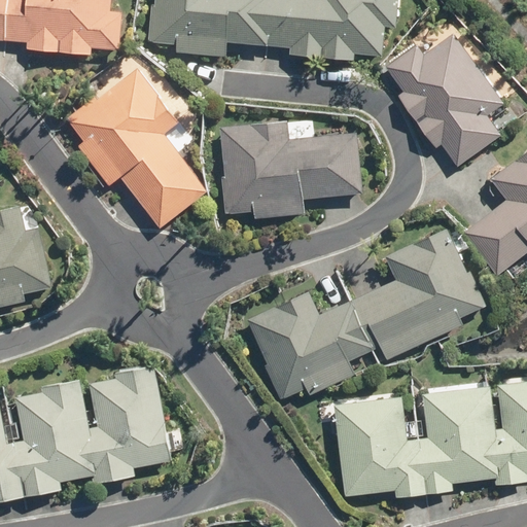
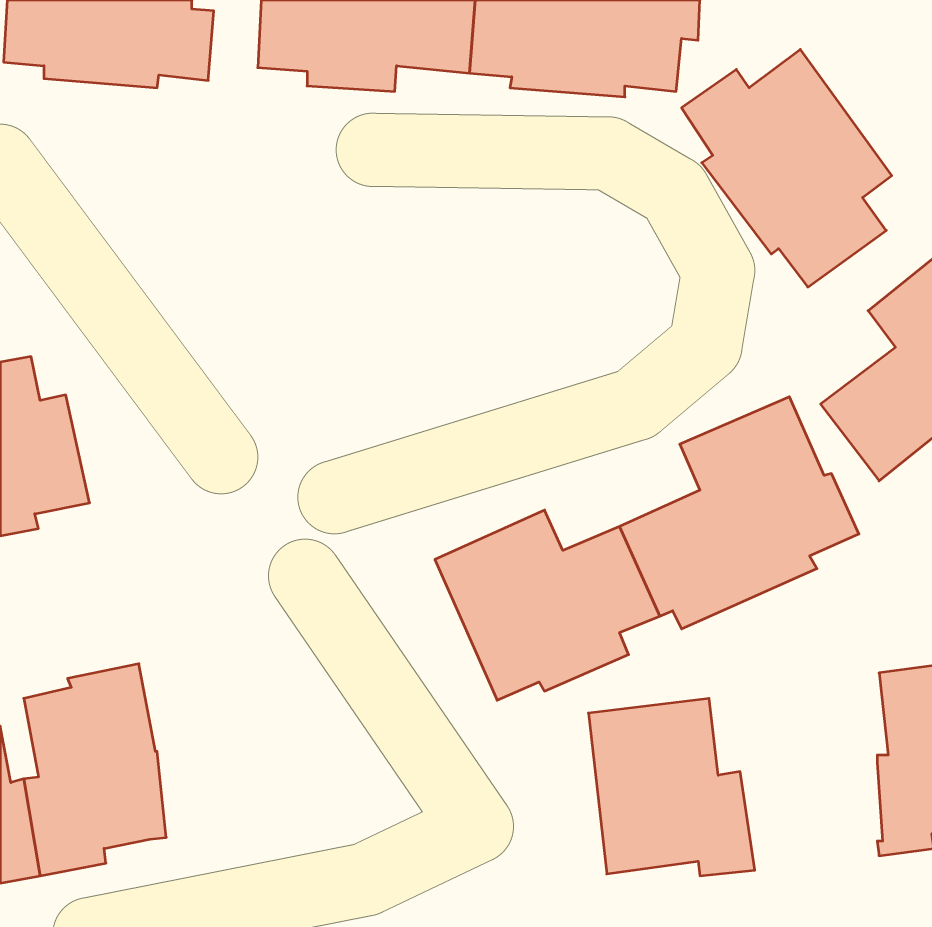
building: [64,68,207,229] -> none
building: [218,120,361,219] -> none
building: [85,365,171,485] -> none
building: [418,384,498,494] -> none

